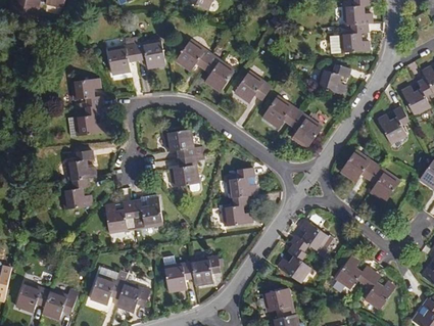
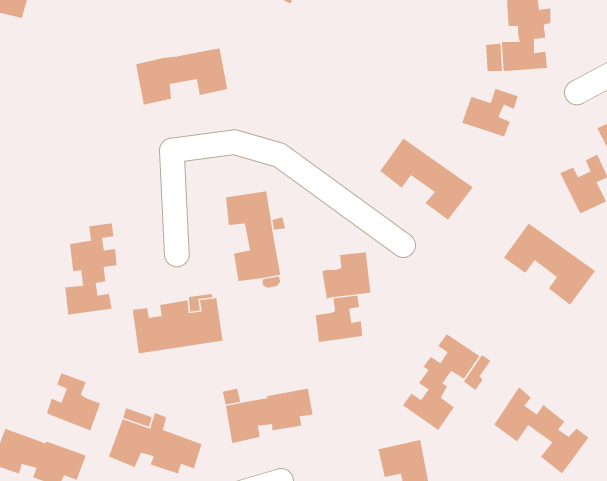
building: [176,39,235,92] -> none
building: [234,69,272,103] -> none
building: [71,77,105,136] -> none
building: none -> [46,372,101,431]

